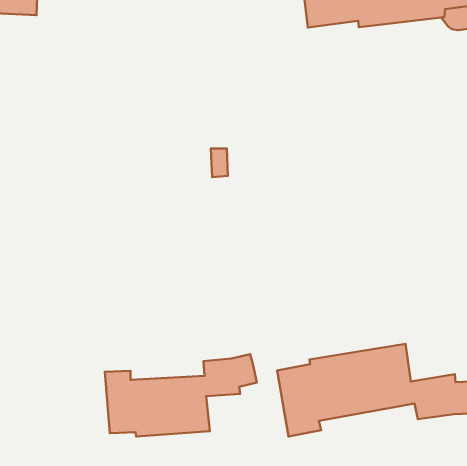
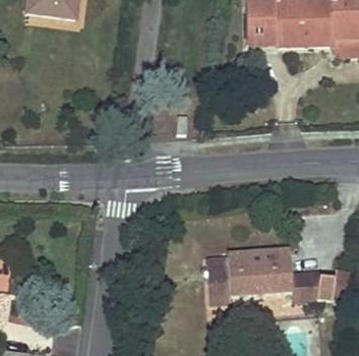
building: [105,354,257,436] -> none

